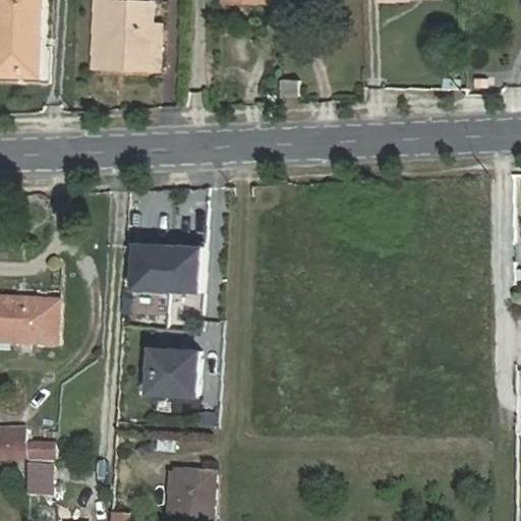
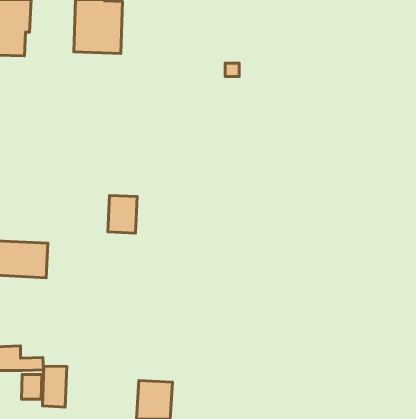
building: [168,240,205,290] -> none
building: [148,348,199,395] -> none
building: none -> [42,366,67,407]

